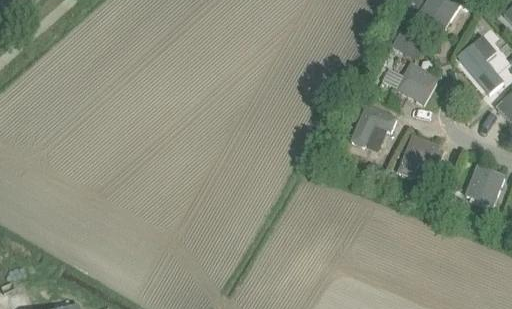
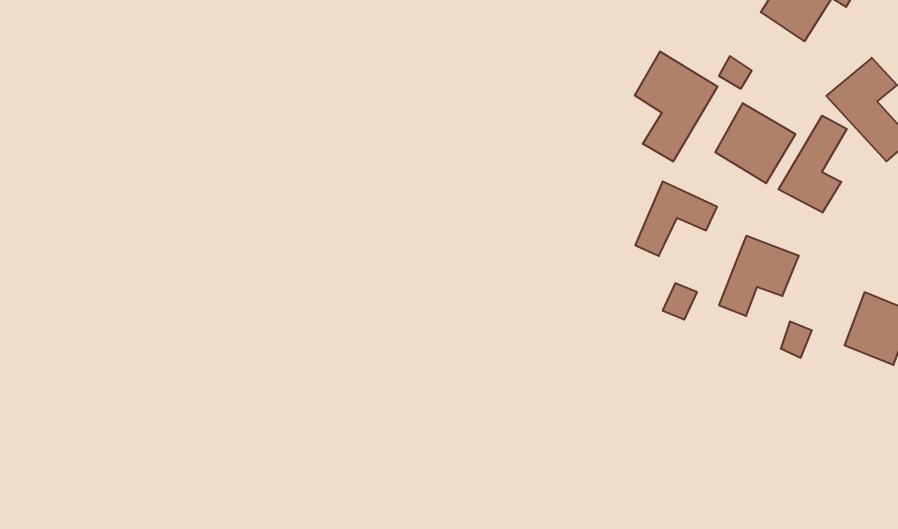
building: none -> [635,51,718,162]
building: none -> [778,116,847,213]

